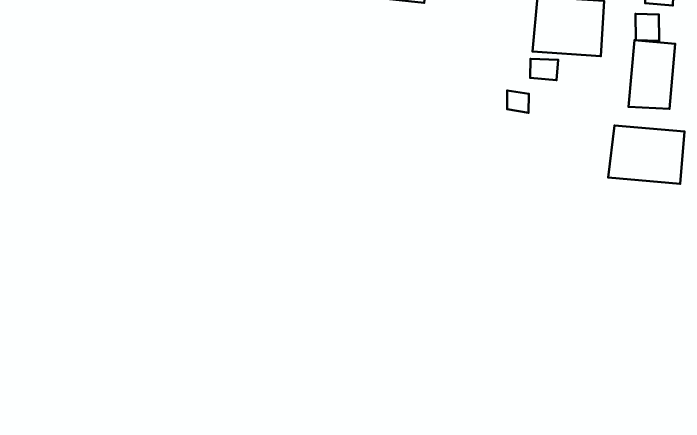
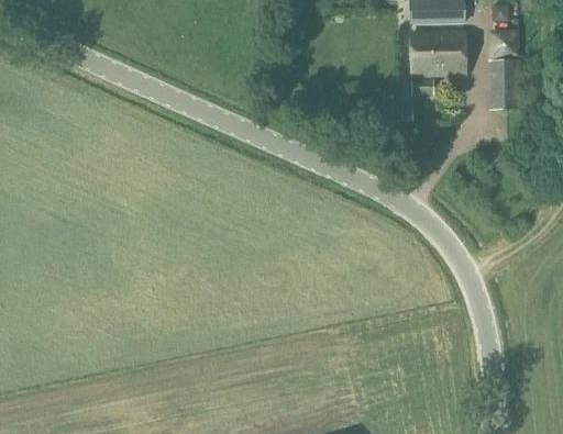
building: [608,125,685,184] -> none

